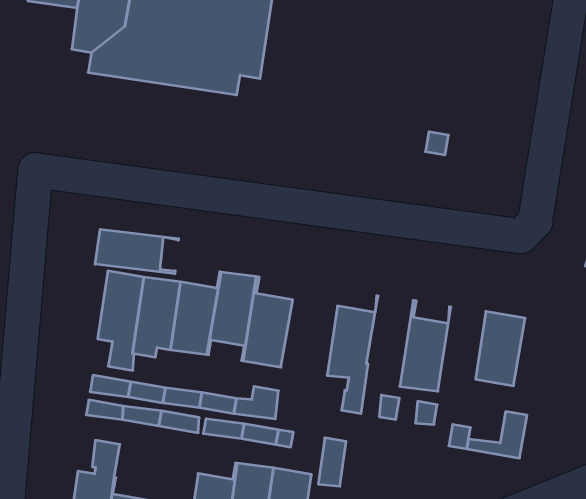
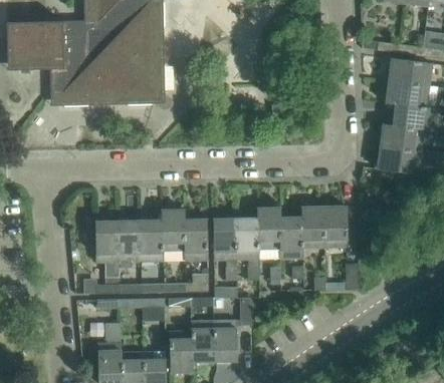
building: [95,229,179,274] -> none
building: none -> [258,207,280,259]
building: none -> [214,218,237,280]
building: none -> [302,206,324,258]

